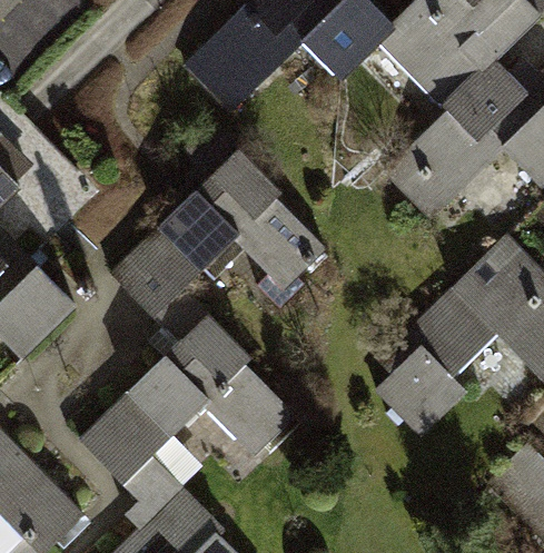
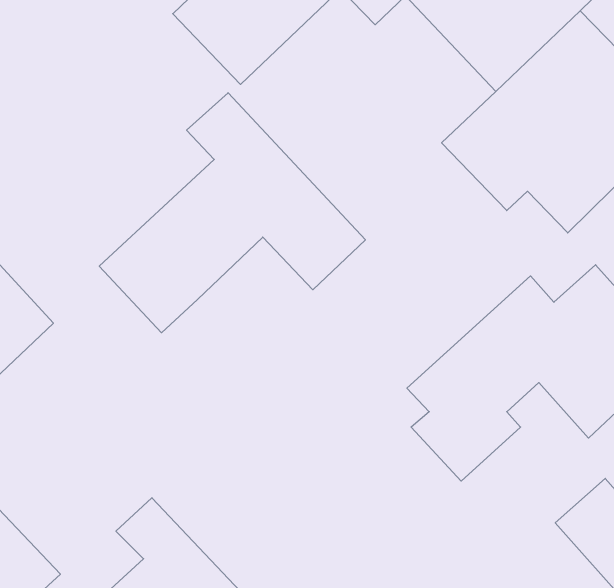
building: [85,295,301,481] -> none

